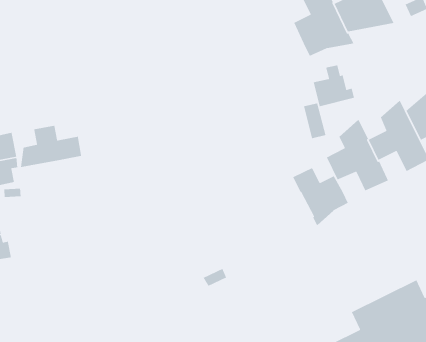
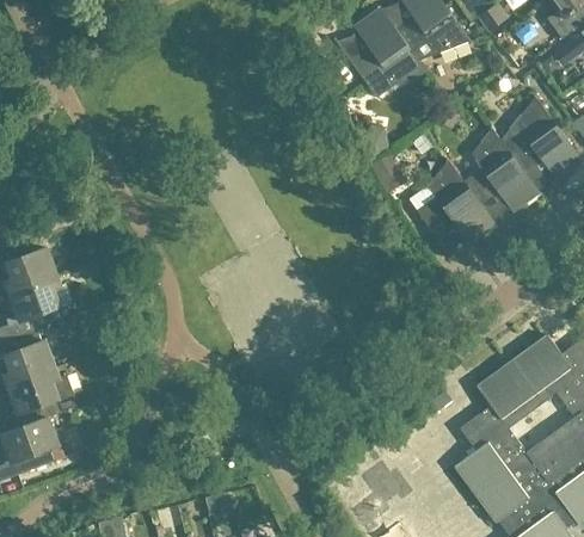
building: [313,65,355,107] -> none
building: [18,125,84,168] -> none
building: [291,167,349,228] -> none

